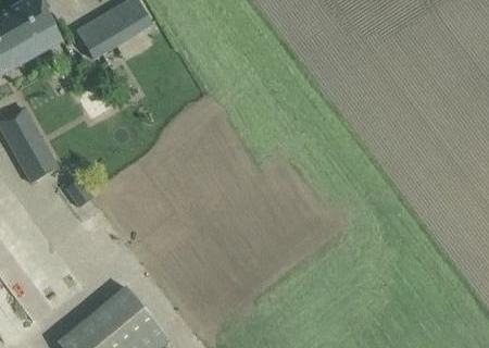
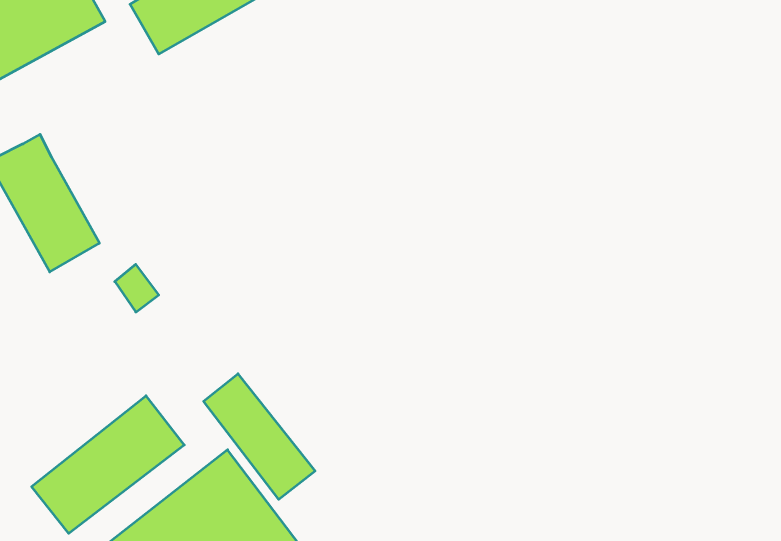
building: none -> [204,374,315,499]
building: none -> [32,396,184,533]

